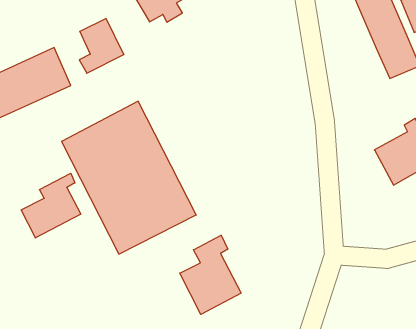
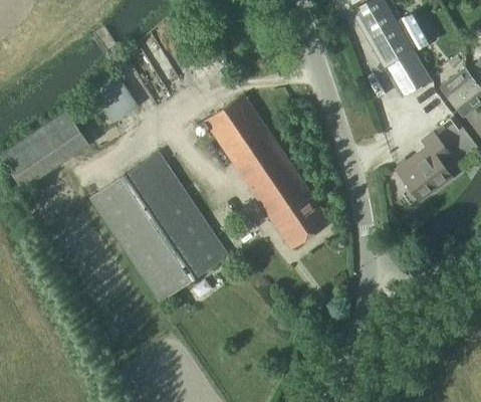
building: none -> [205,94,330,249]
building: [21,173,81,238] -> none
building: [180,235,241,314] -> none

